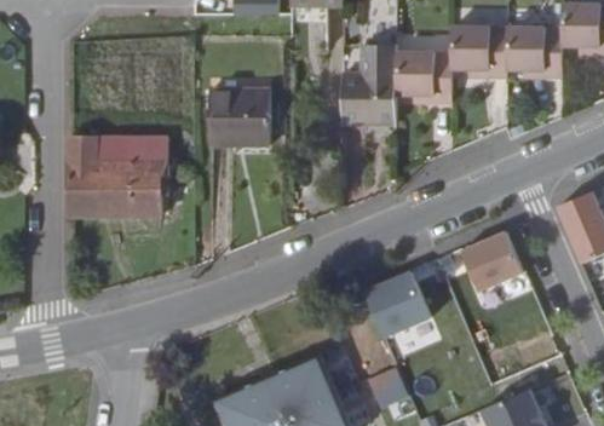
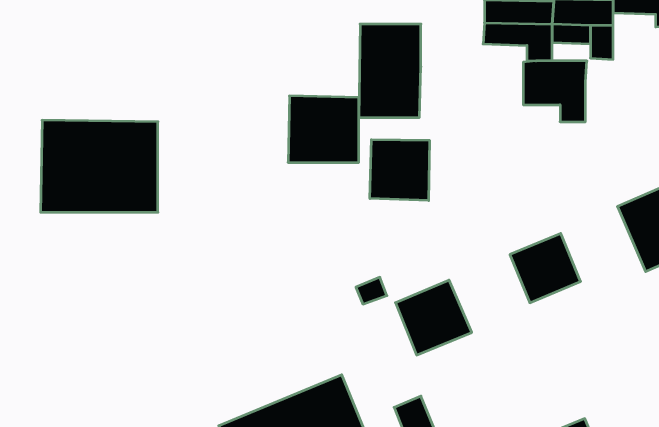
building: [390,50,444,102] -> [523,61,587,122]
building: [207,87,268,144] -> [288,96,359,162]
building: none -> [370,140,429,201]

